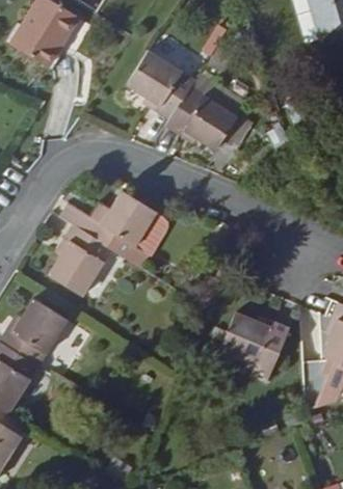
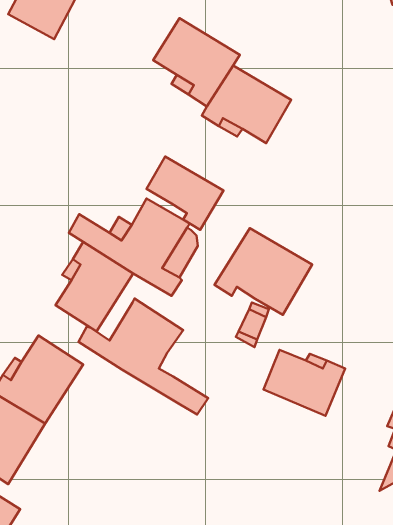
building: none -> [146,156,223,230]
building: none -> [214,228,312,315]
building: none -> [79,299,208,415]

